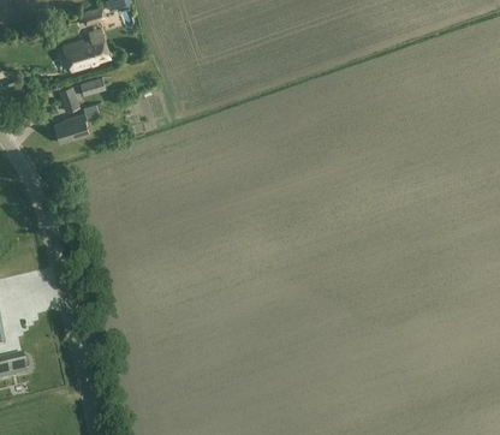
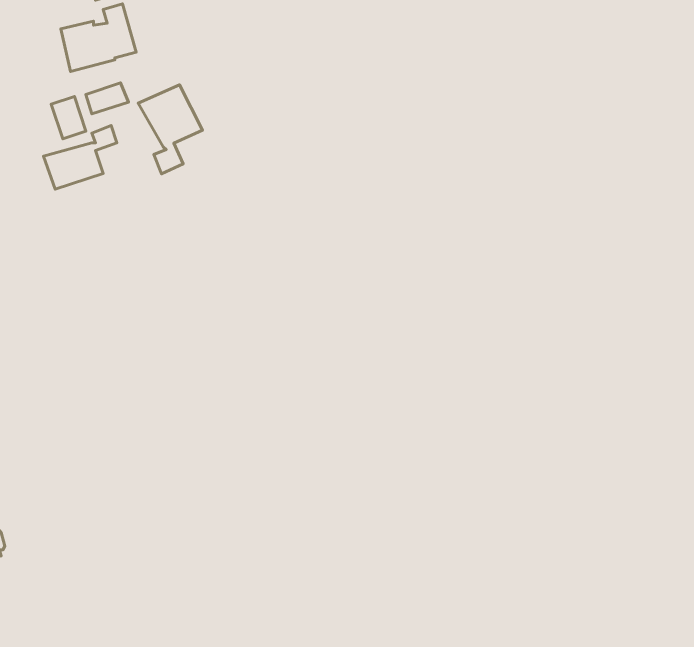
building: none -> [138,85,203,174]

